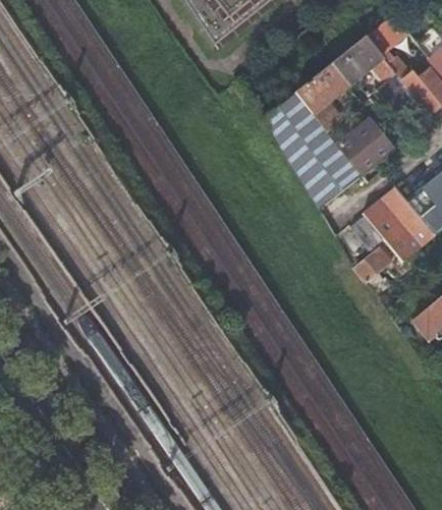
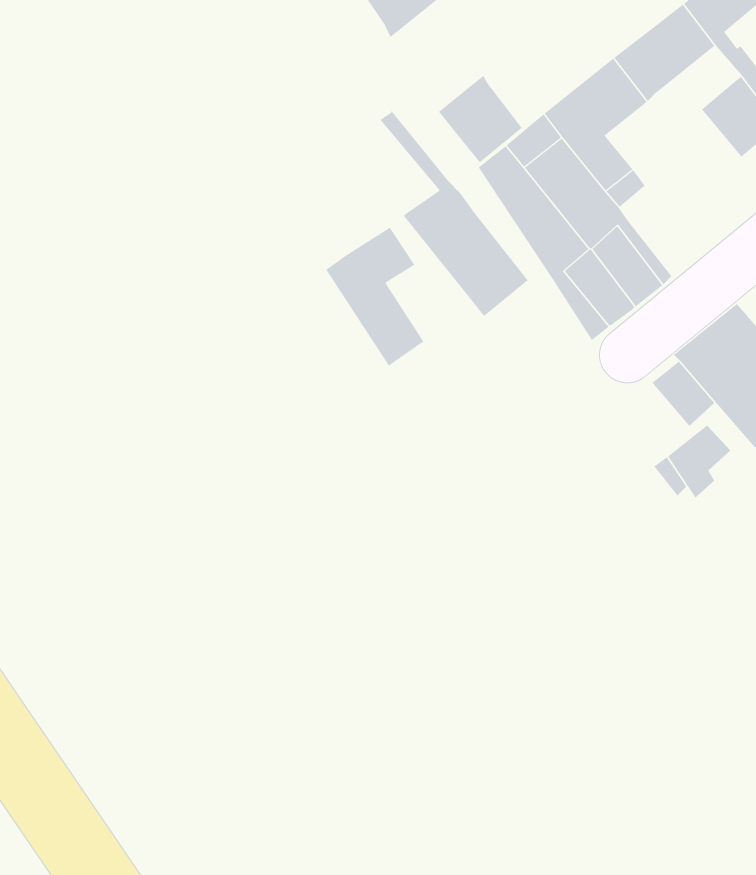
building: none -> [438,75,523,163]
building: none -> [379,110,529,317]
building: [338,120,391,173] -> none
building: none -> [326,227,424,366]

